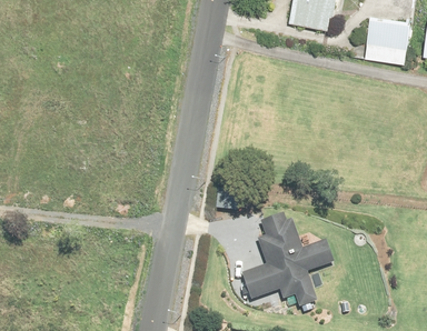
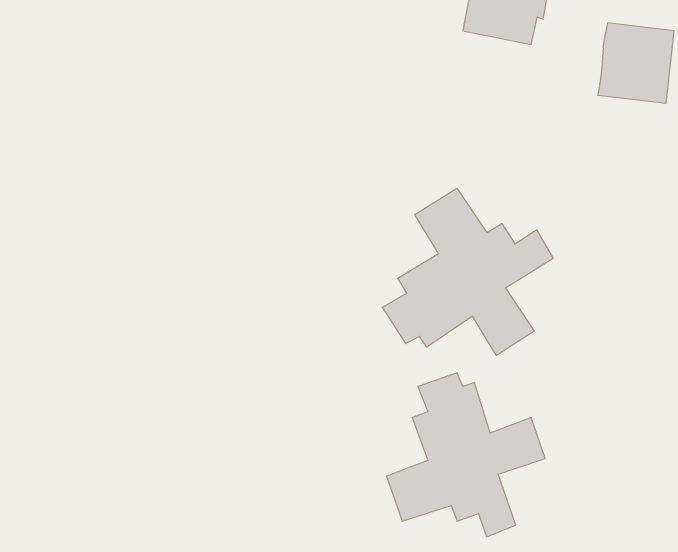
building: none -> [382,188,553,355]

